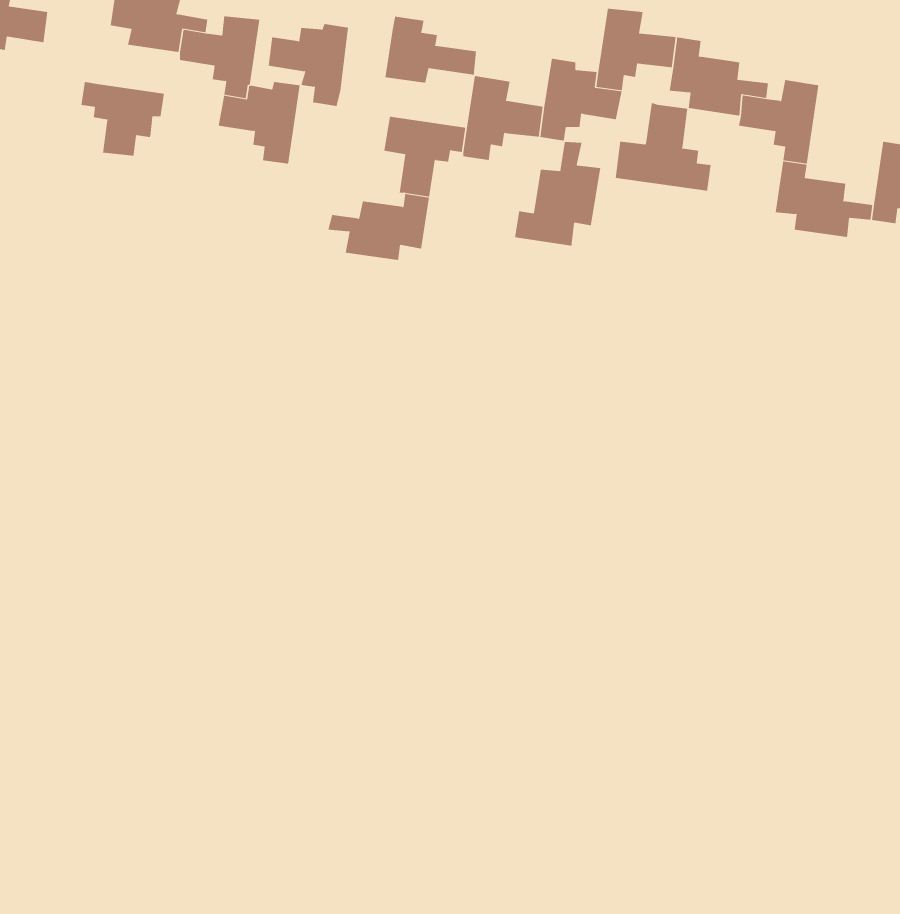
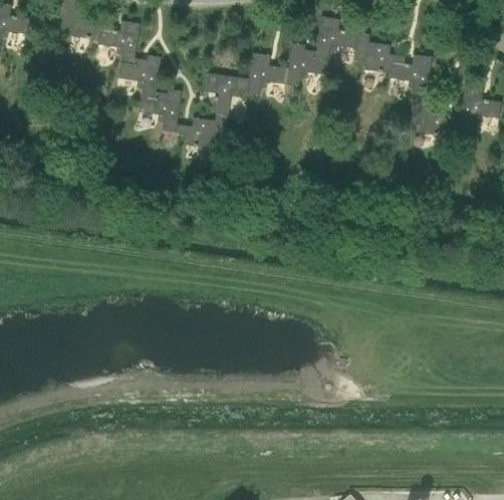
building: [385,16,477,84] -> none
building: [268,24,349,106] -> [139,88,181,132]
building: [81,81,165,157] -> none
building: [615,102,711,192] -> none
building: [515,141,601,247] -> none

